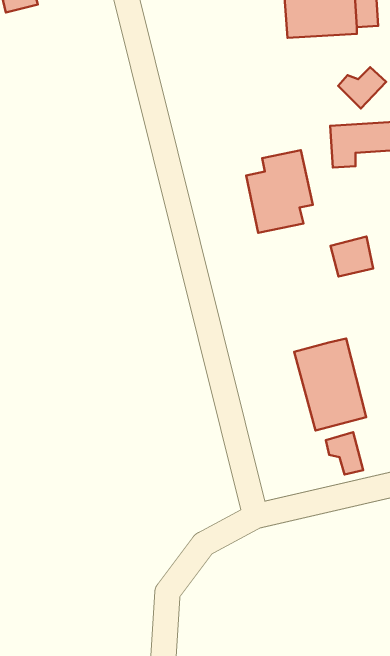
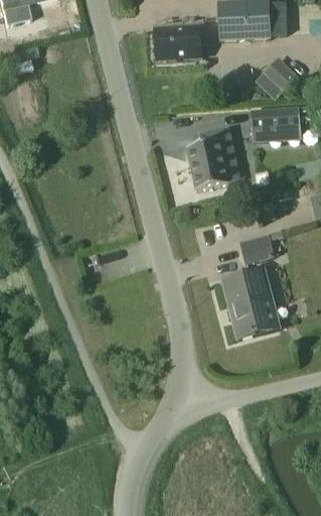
building: none -> [155,27,200,59]
building: [331,237,373,277] -> [243,232,275,262]
building: [326,432,363,475] -> none

